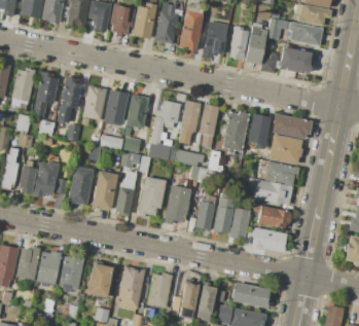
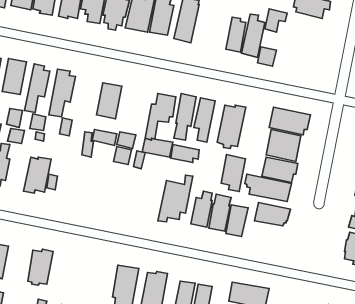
building: [203,21,228,58] -> none
building: [289,22,323,46] -> none
building: [279,46,314,74] -> none
building: [81,85,107,124] -> none
building: [127,94,150,129] -> none
building: [248,113,272,149] -> [221,155,245,192]
building: [19,166,37,195] -> none
building: [68,166,94,206] -> none
building: [92,171,117,210] -> none
building: [115,172,137,214] -> none
building: [138,177,167,217] -> none
building: [251,227,288,252] -> none
building: [16,246,41,280] -> none
building: [60,255,84,292] -> none
building: [87,263,112,297] -> none

